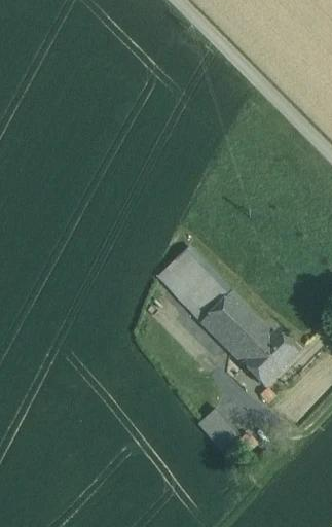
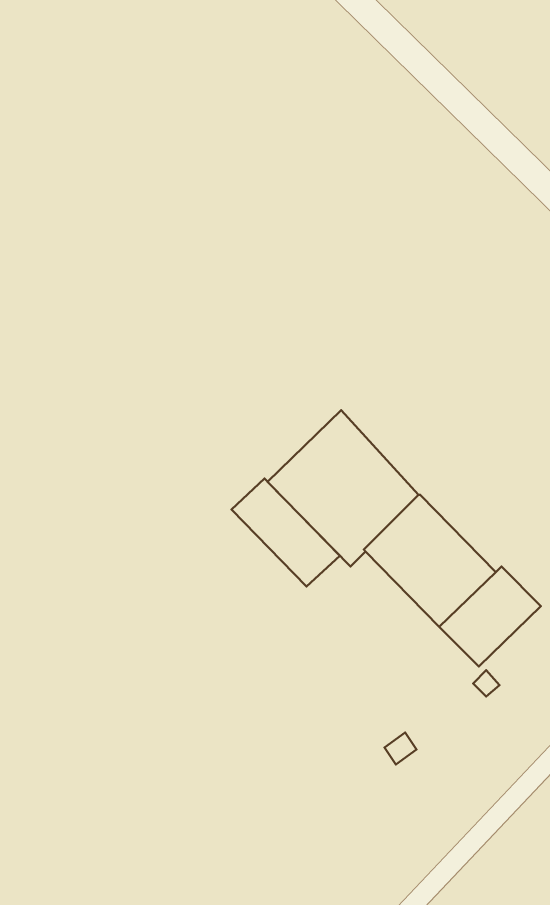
building: none -> [231,479,340,587]

